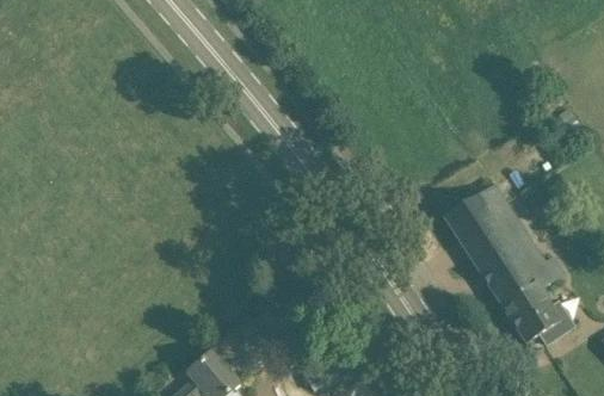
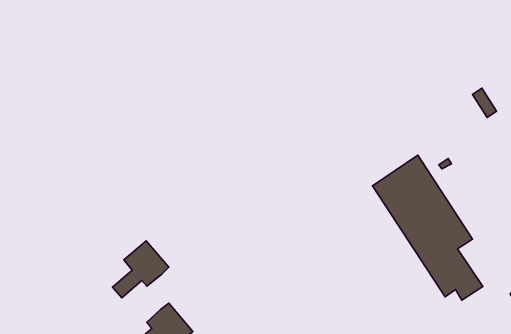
building: none -> [113,241,169,298]

